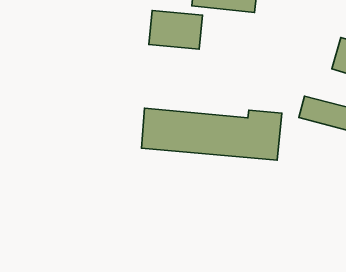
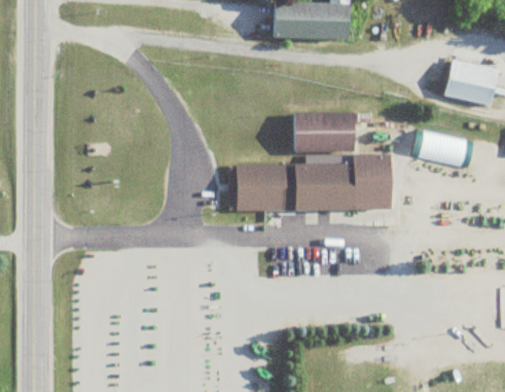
building: [149,11,203,49] -> [295,112,355,152]

